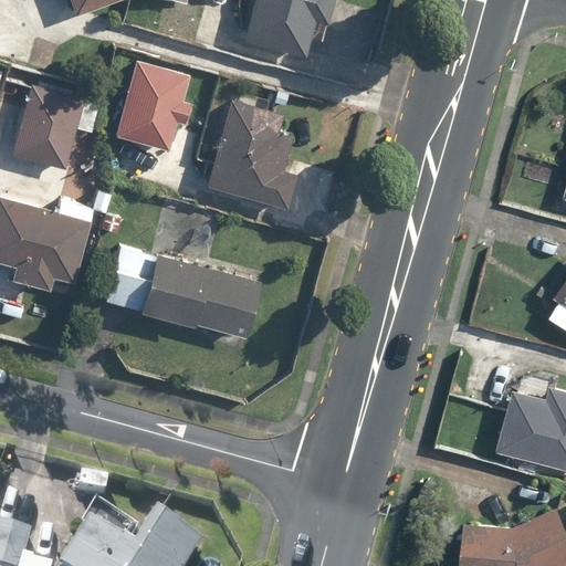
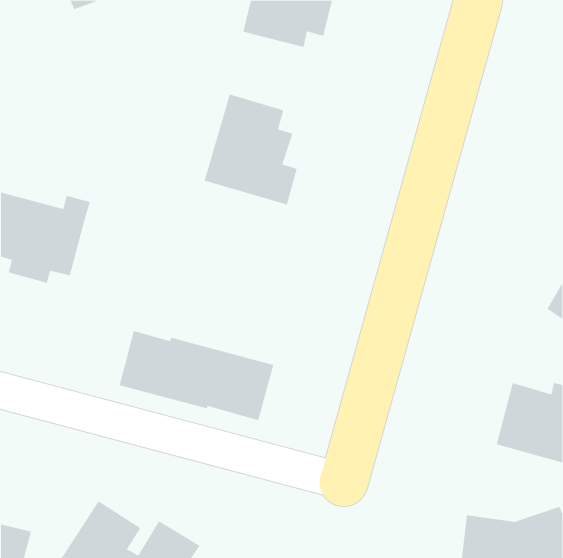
building: [113,59,188,150] -> none
building: [11,84,98,170] -> none
building: [105,249,261,339] -> [119,331,274,421]

